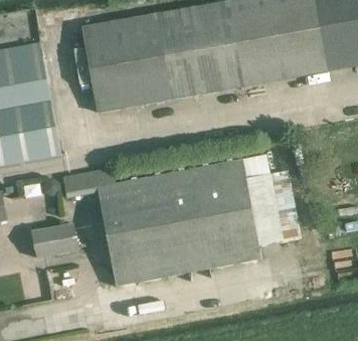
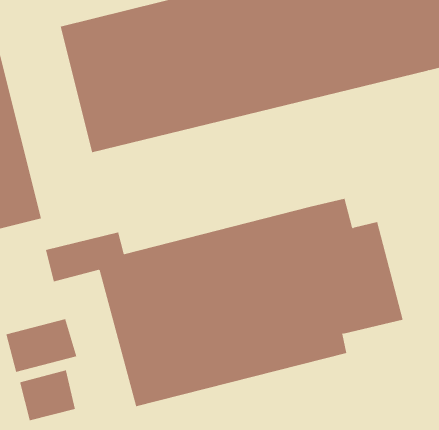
building: none -> [19,370,75,421]

